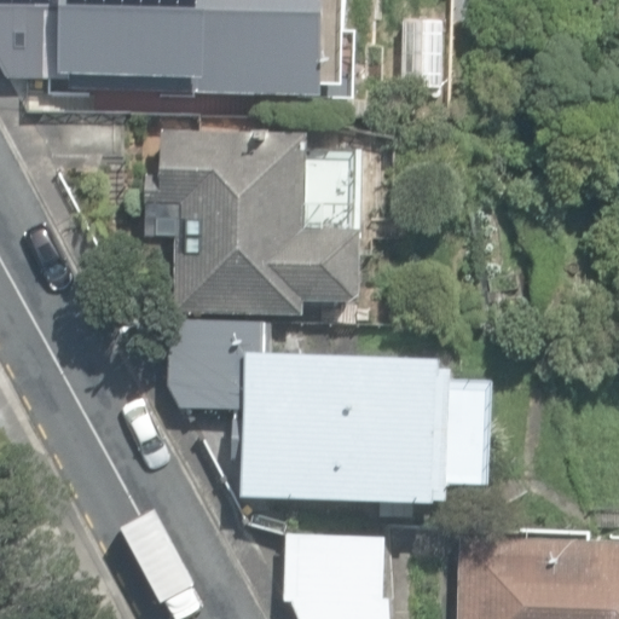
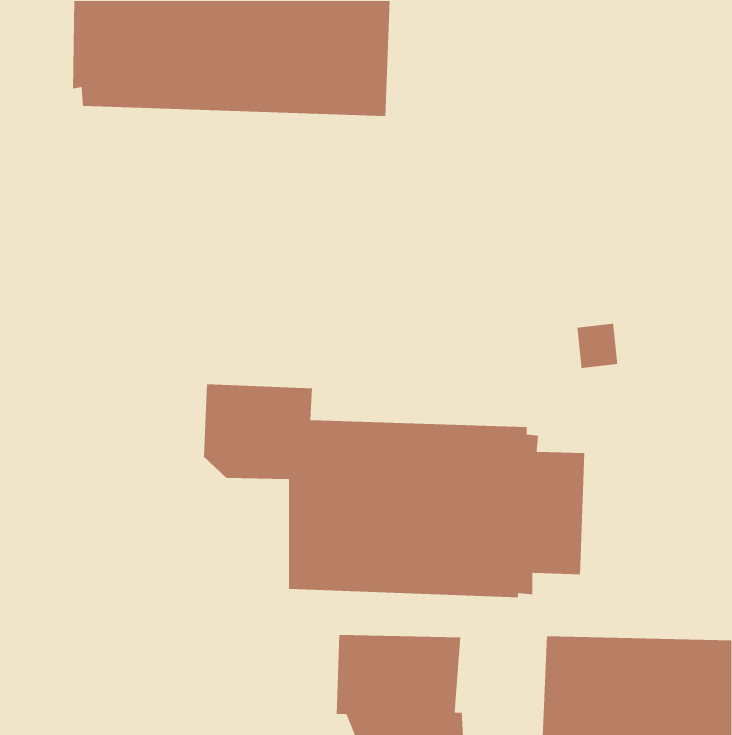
building: [158,129,360,314] -> none

